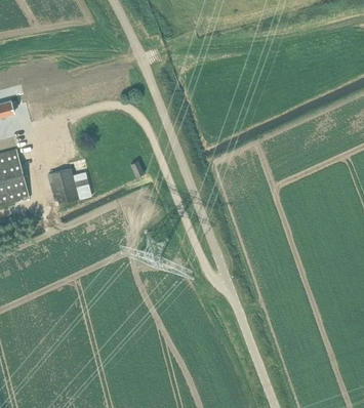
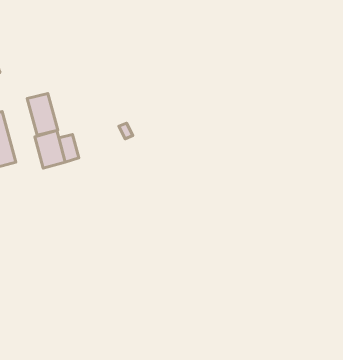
building: none -> [27,93,58,135]

